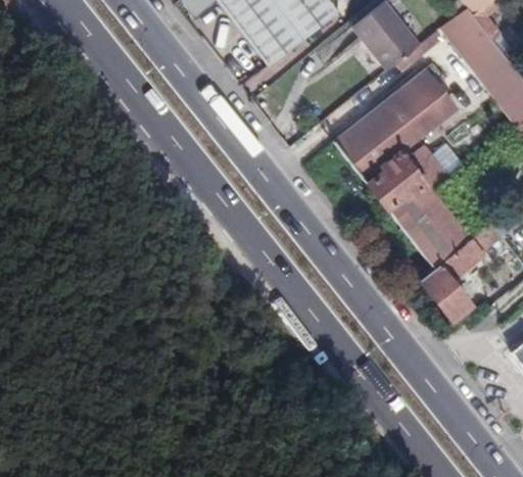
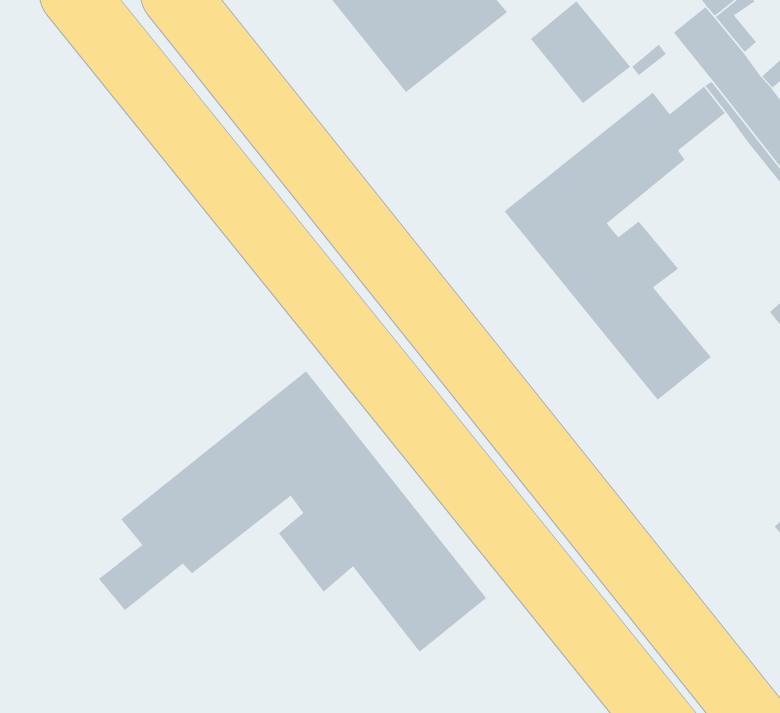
building: [420,222,504,322] -> none
building: none -> [98,370,487,653]

